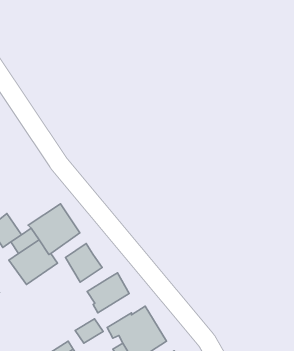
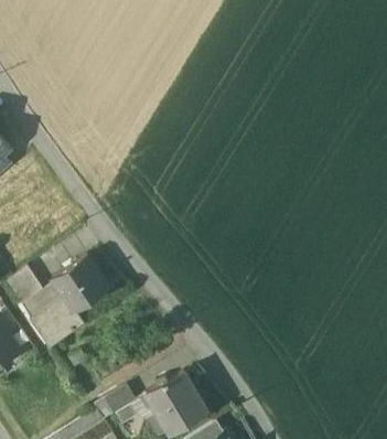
building: [66,243,102,282] -> none
building: [87,273,129,313] -> none

